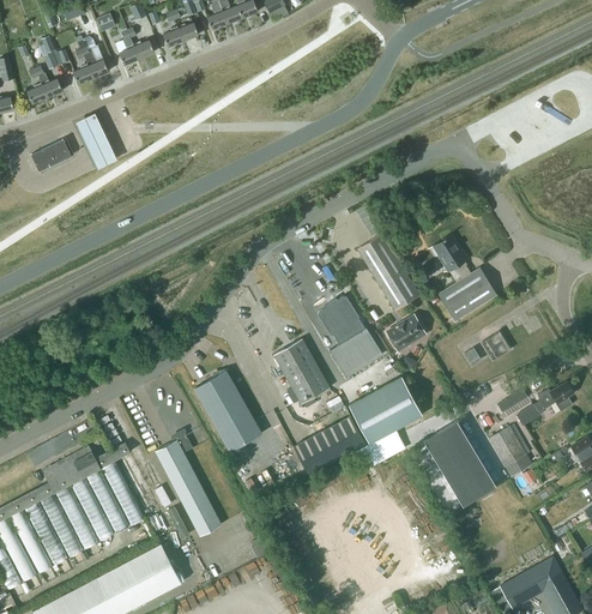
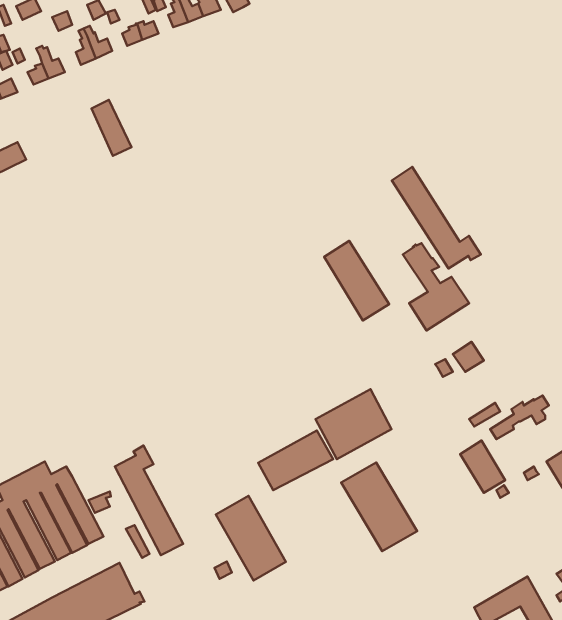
building: [75,118,114,171] -> [91,100,131,156]
building: none -> [392,167,481,268]
building: [318,296,382,378] -> none
building: [387,315,424,350] -> none
building: [273,339,328,404] -> none
building: [194,371,261,452] -> [216,496,286,581]
building: [423,421,496,506] -> [341,462,417,551]

